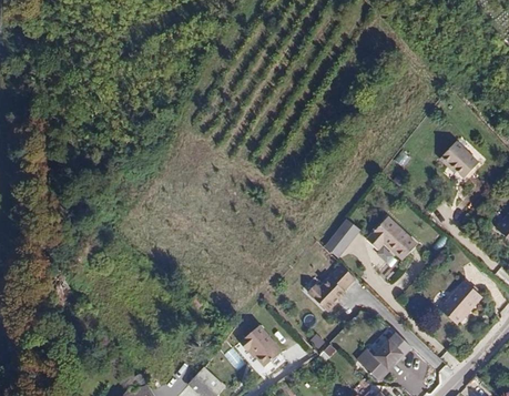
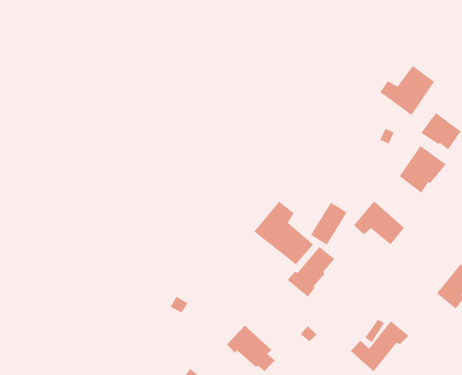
building: none -> [380,65,435,116]
building: none -> [399,145,446,193]
building: none -> [254,201,314,265]

